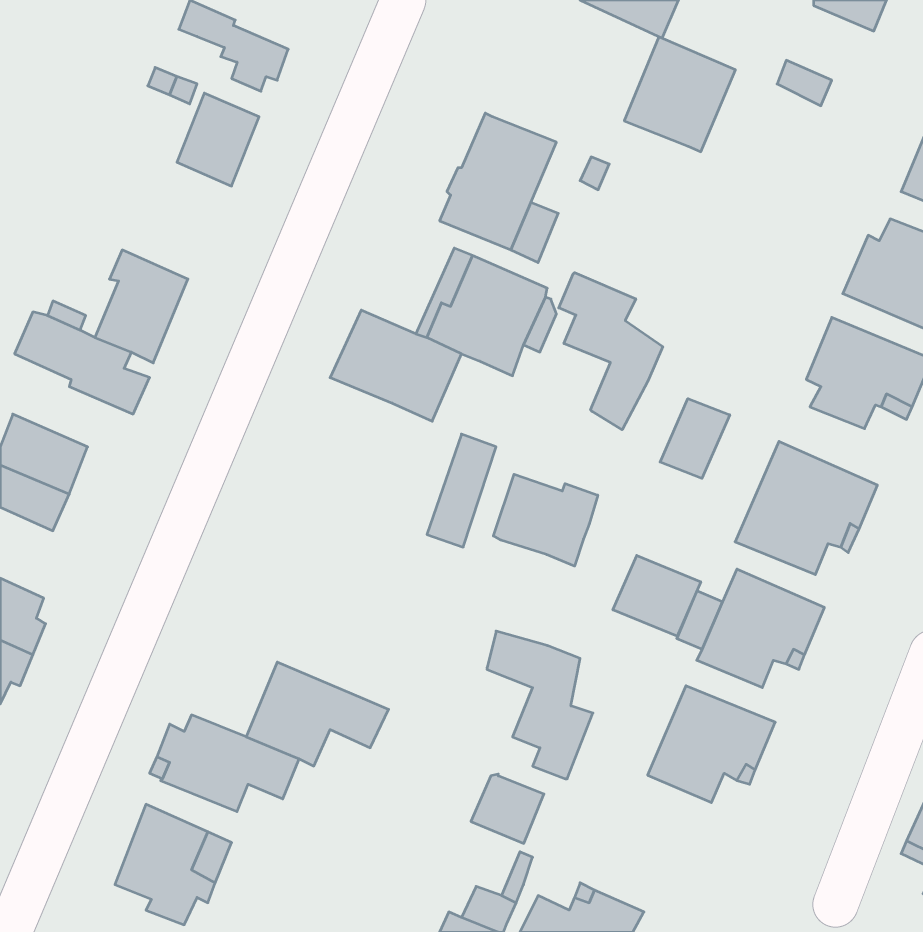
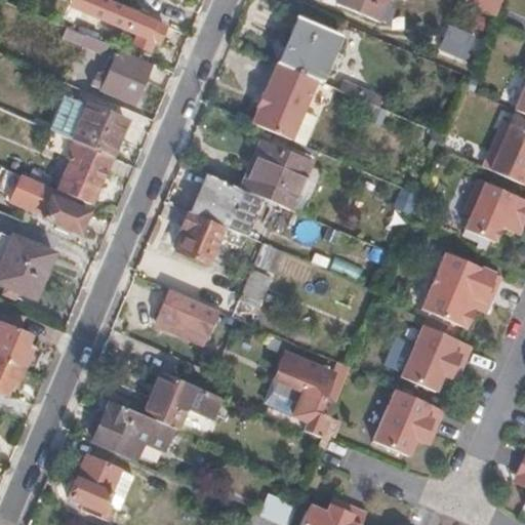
building: [624,37,735,152] -> [282,18,345,83]
building: none -> [48,96,125,157]
building: [559,273,663,430] -> none
building: none -> [173,212,226,266]
building: [660,399,730,478] -> none
building: [493,474,598,566] -> none
building: none -> [159,289,220,339]
building: [613,555,701,636] -> none
building: [471,774,544,843] -> [264,375,305,414]

